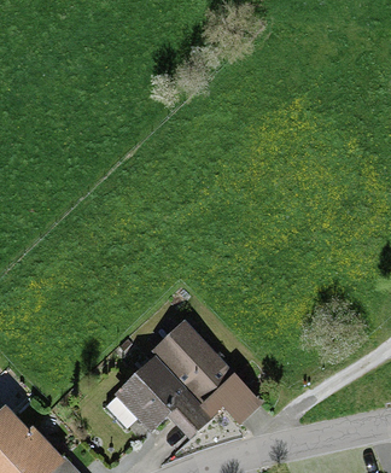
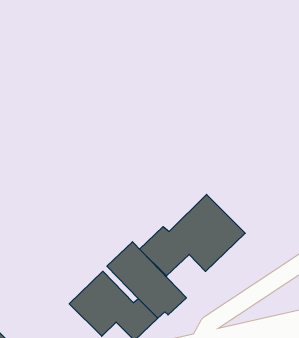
building: none -> [140,194,245,276]

